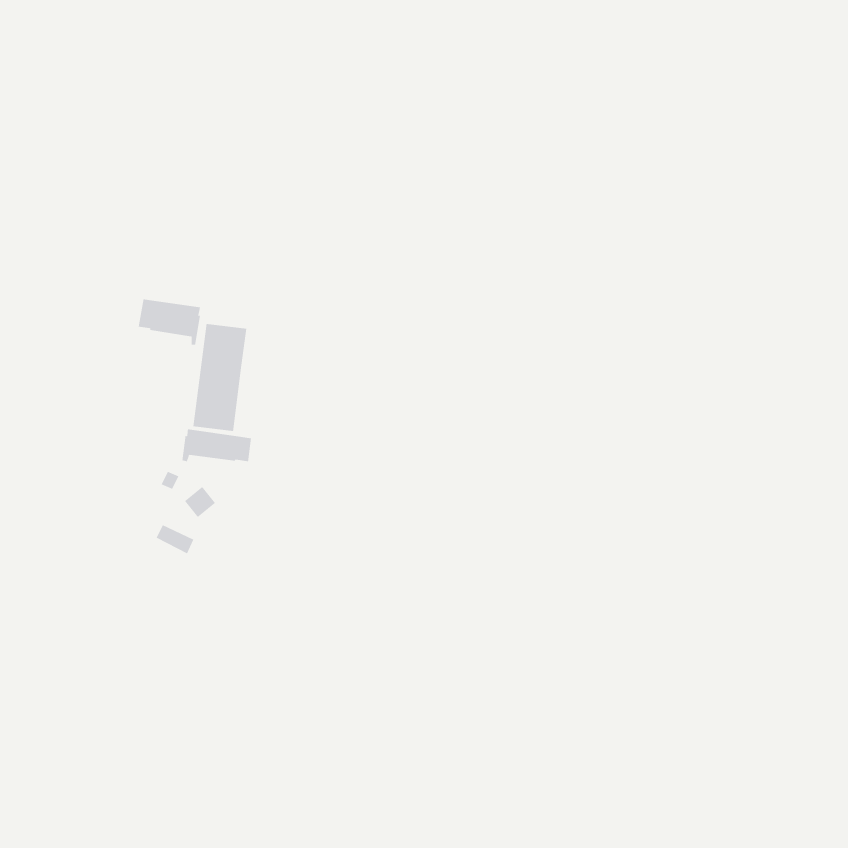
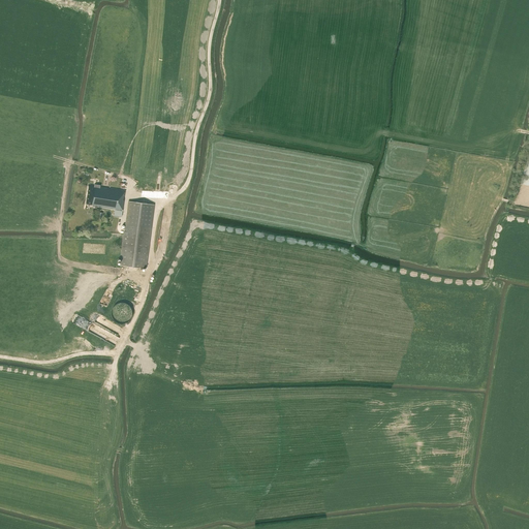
building: [182,428,251,462] -> none

